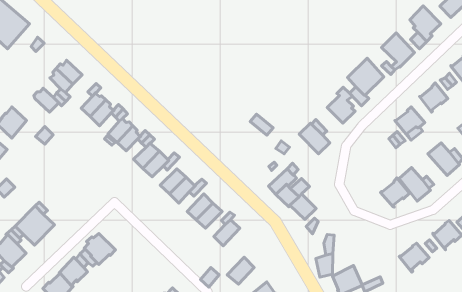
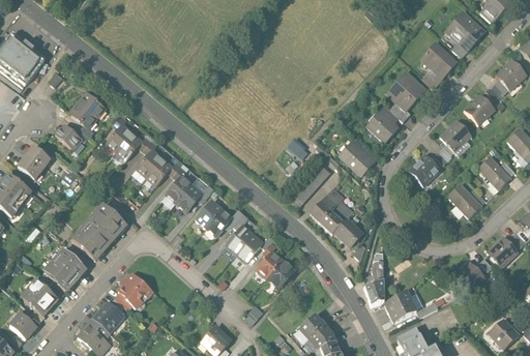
building: none -> [72,204,127,260]
building: [380,178,410,207] -> [409,154,440,185]
building: [227,257,254,284] -> [266,260,294,289]

